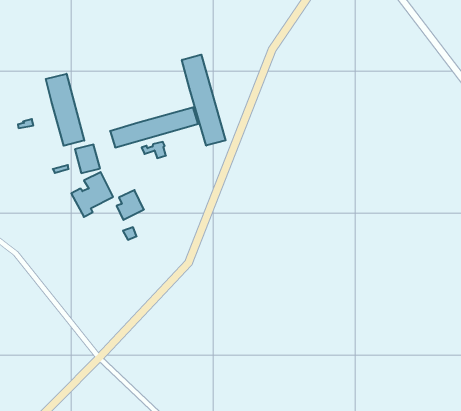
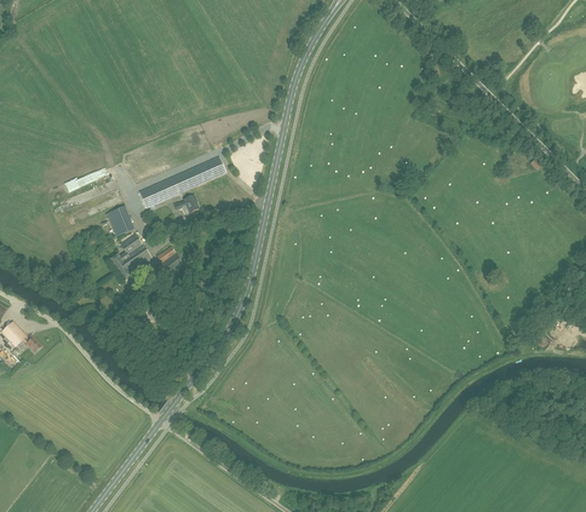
building: [182,55,226,146] -> none
building: [46,74,84,146] -> none

